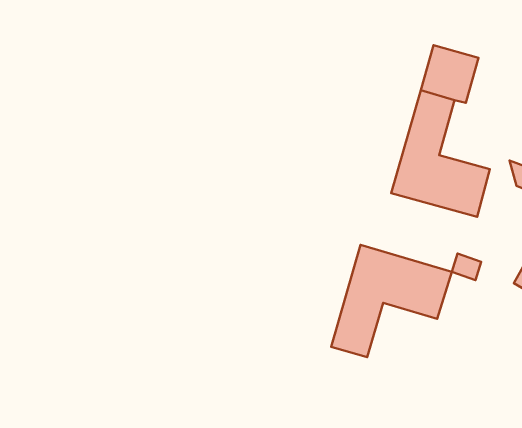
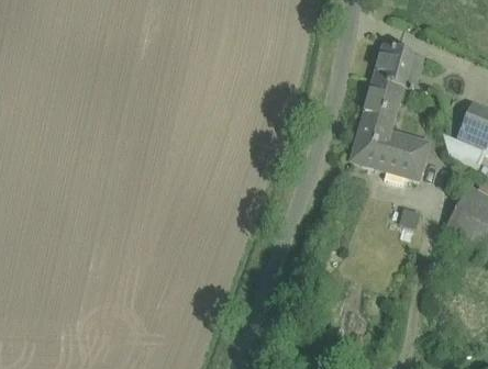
building: [331,245,452,357] -> none

